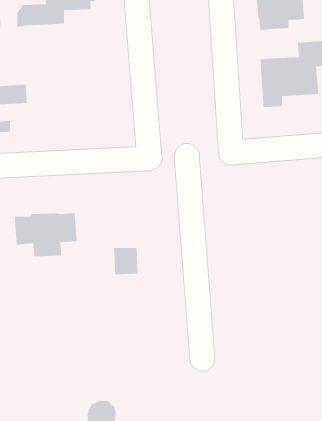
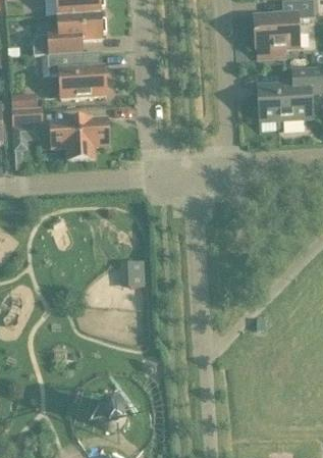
building: none -> [41,52,105,98]
building: [14,213,78,257] -> [49,118,108,159]

